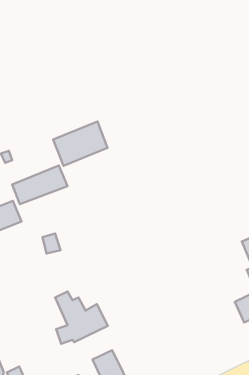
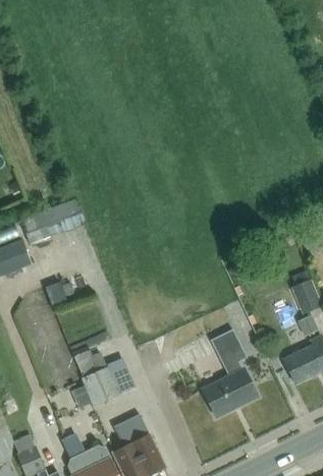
building: [53,121,108,166] -> none
building: none -> [202,329,258,416]

